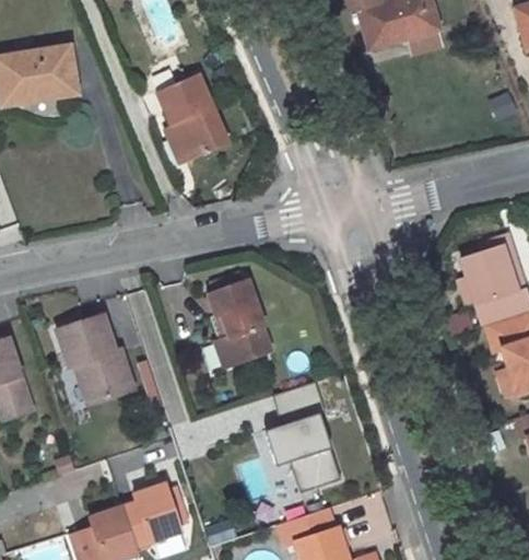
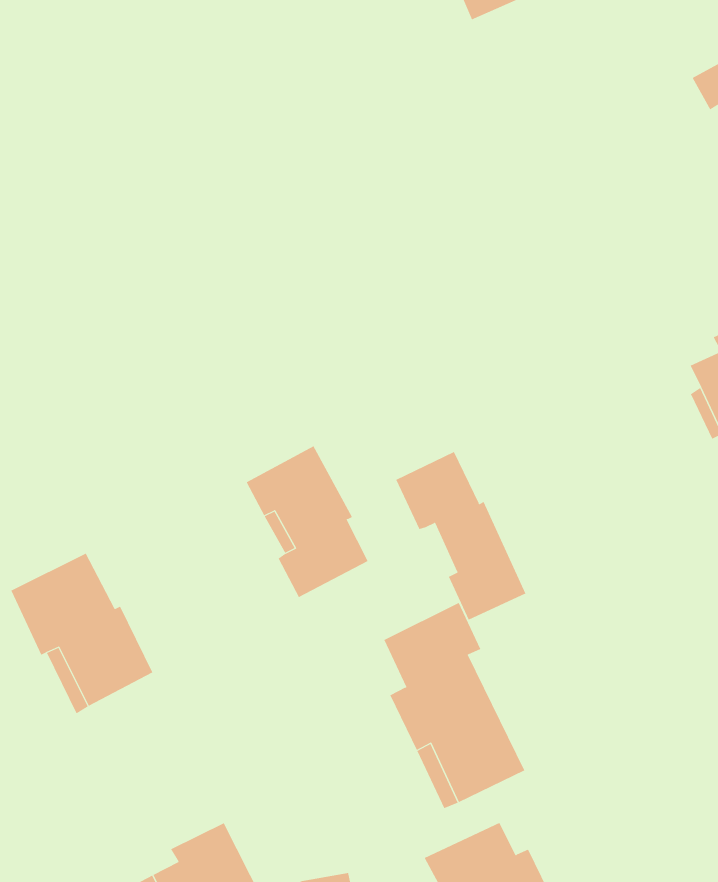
building: [158,74,230,162] -> none
building: none -> [395,451,526,620]

